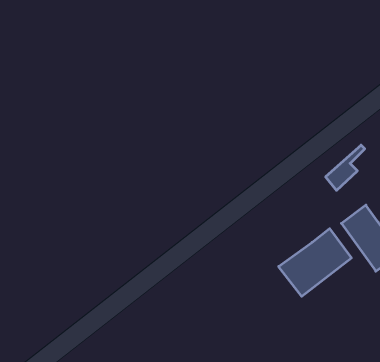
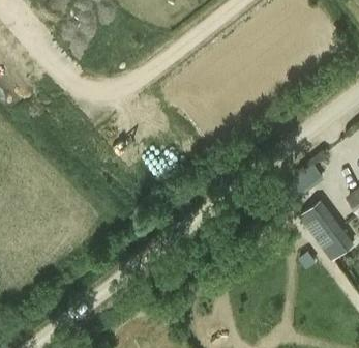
building: [279,229,351,296] -> none

